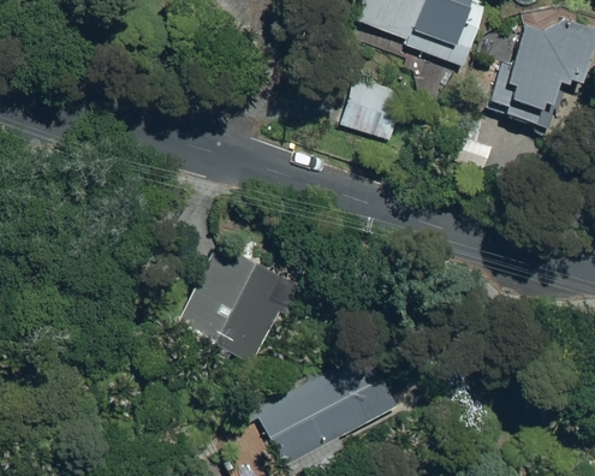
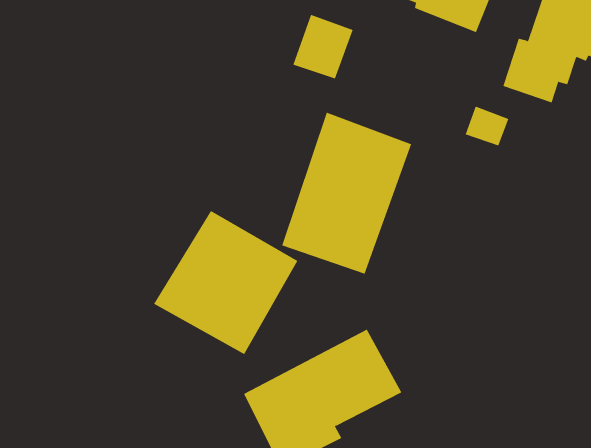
building: [343,78,399,138] -> [292,14,354,79]
building: none -> [281,112,412,275]

